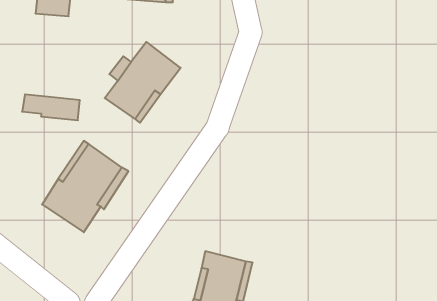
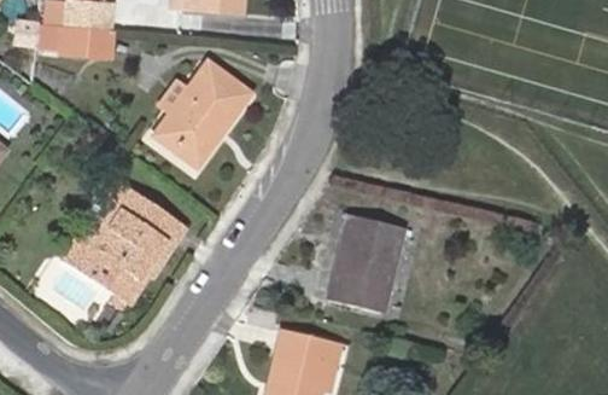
building: [22,94,80,120] -> [37,23,111,56]
building: none -> [329,213,403,310]

